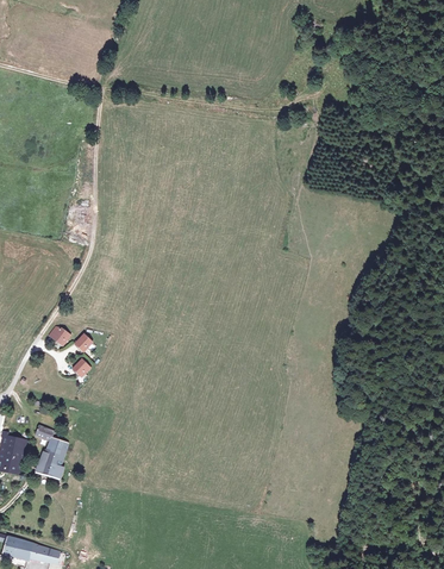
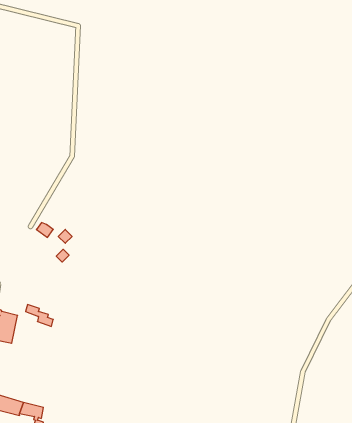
building: [36,445,67,479] -> none

